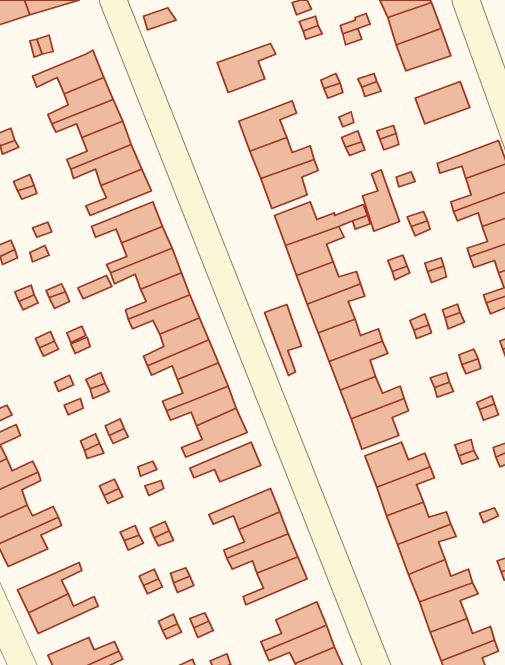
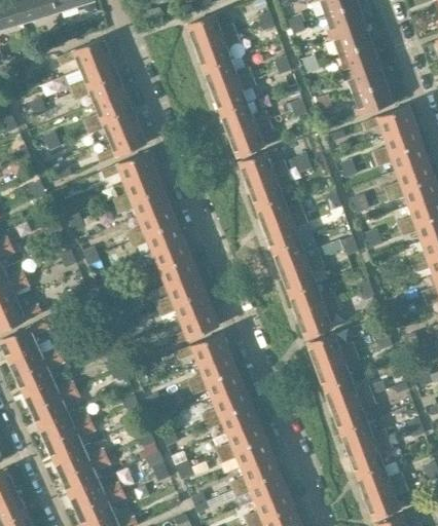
building: none -> [188,14,236,47]
building: none -> [338,42,379,74]
building: none -> [205,60,253,91]
building: none -> [353,81,394,114]
building: [363,170,400,231] -> none
building: [264,305,301,376] -> none
building: none -> [187,350,236,387]
building: none -> [39,413,93,444]
building: none -> [218,436,271,466]
building: none -> [62,456,110,493]

